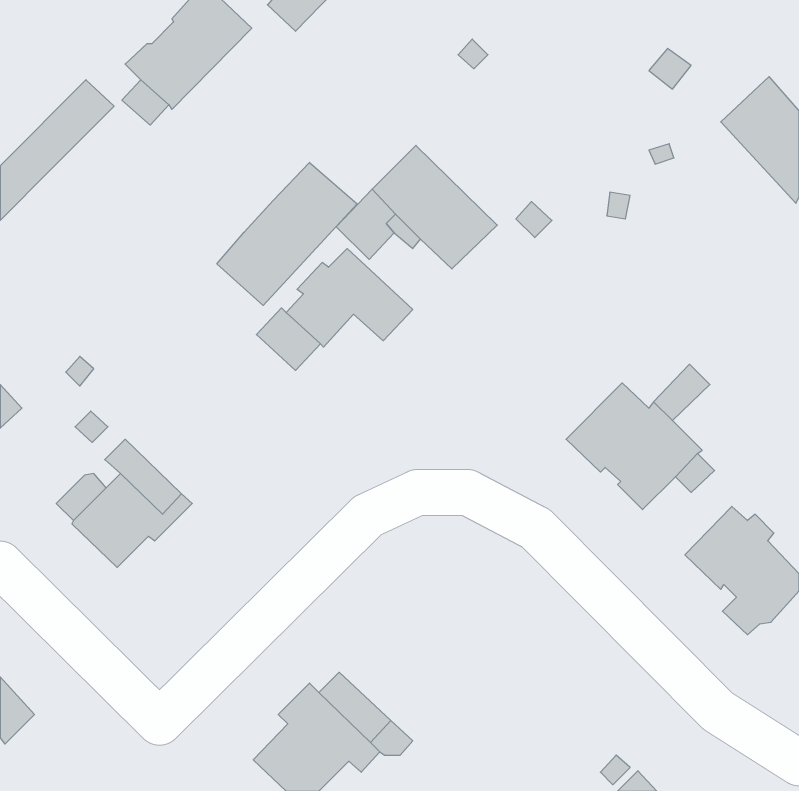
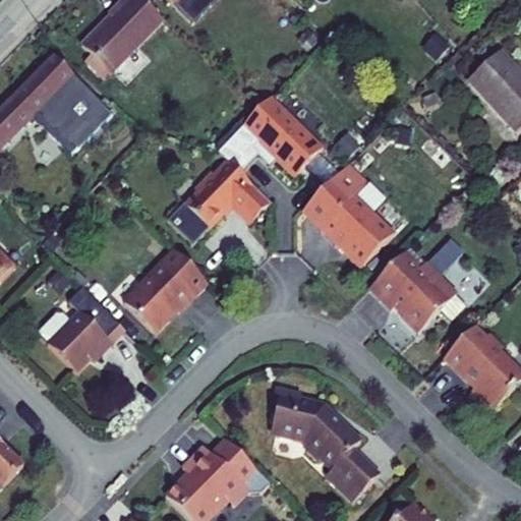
building: none -> [34,69,114,150]
building: [217,162,357,305] -> none
building: none -> [308,166,396,270]
building: none -> [125,248,206,332]
building: none -> [271,385,379,501]

